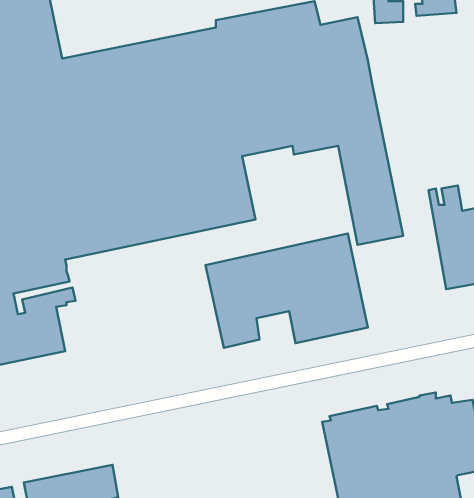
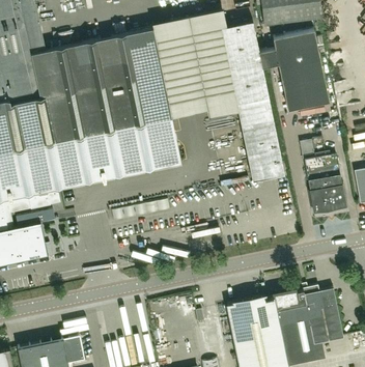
building: none -> [259,29,329,110]
building: [206,234,368,348] -> none

